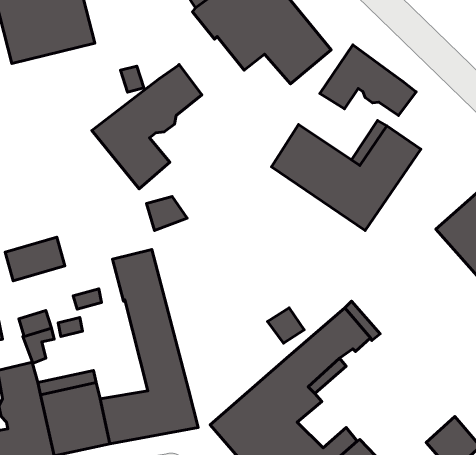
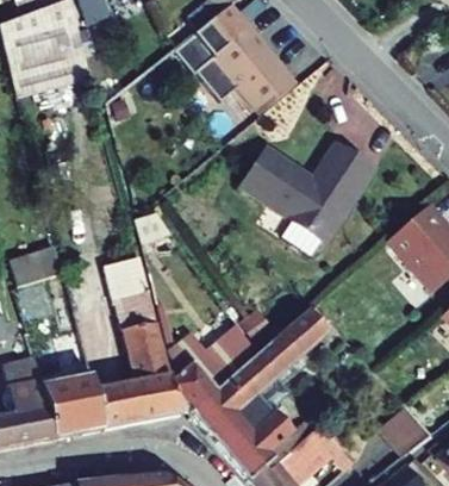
building: [320,45,416,115] -> none
building: [92,64,202,189] -> none
building: none -> [168,324,256,413]

